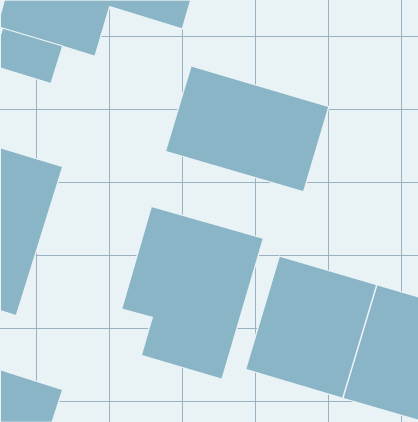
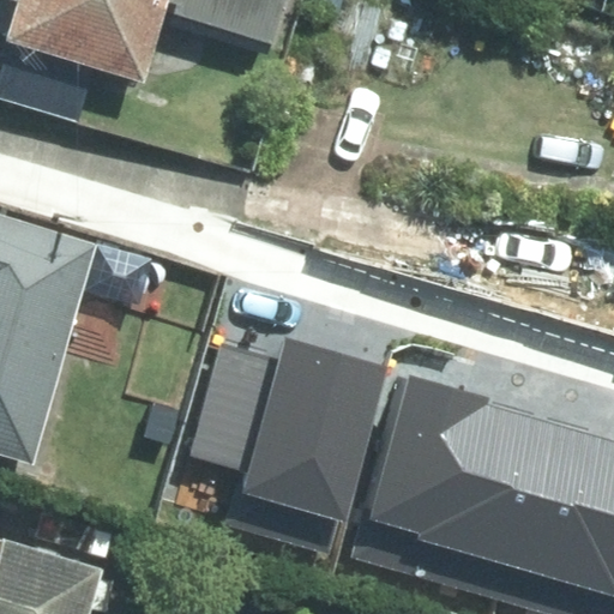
building: [166,66,329,192] -> none

